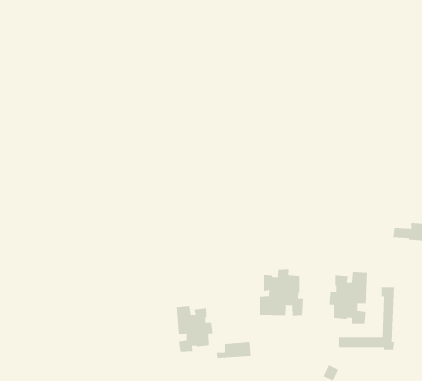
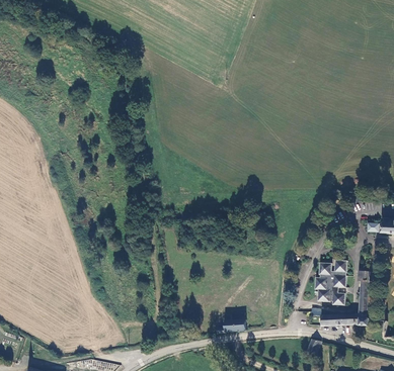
building: [259,269,304,317] -> none
building: [176,305,213,353] -> none

